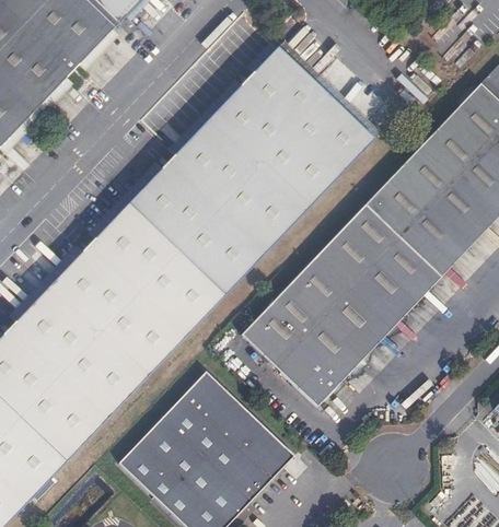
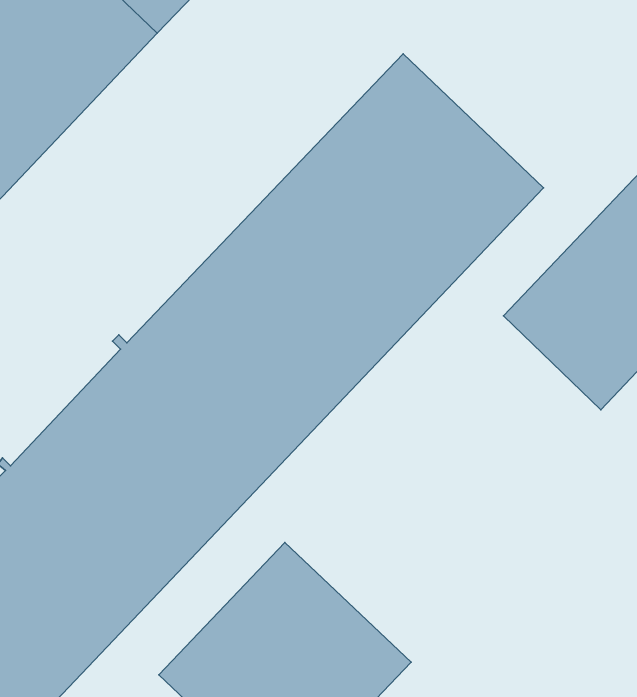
building: [243,218,421,399] -> none

